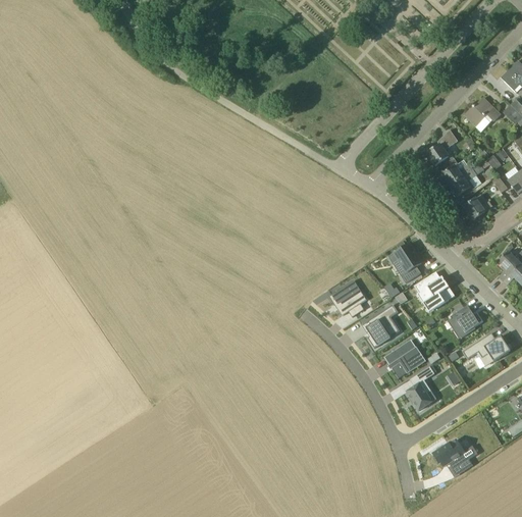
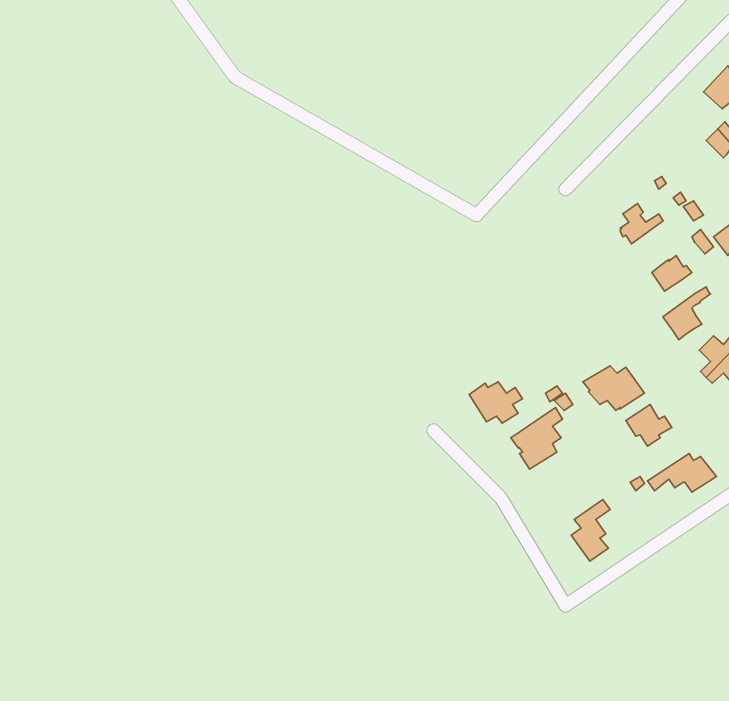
building: [464,98,501,132] -> none
building: [426,132,455,165] -> none
building: [450,164,483,202] -> [663,287,710,340]
building: [392,246,421,282] -> none
building: [384,339,425,377] -> none
building: [432,440,475,470] -> none

